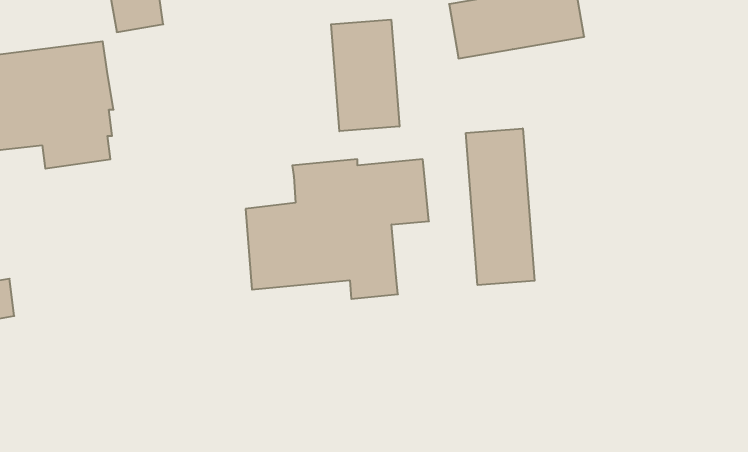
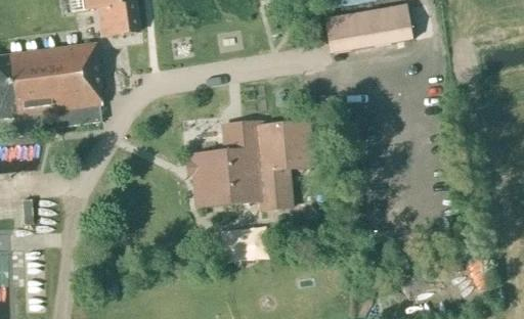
building: [331,20,399,131] -> none
building: [466,128,535,285] -> none

